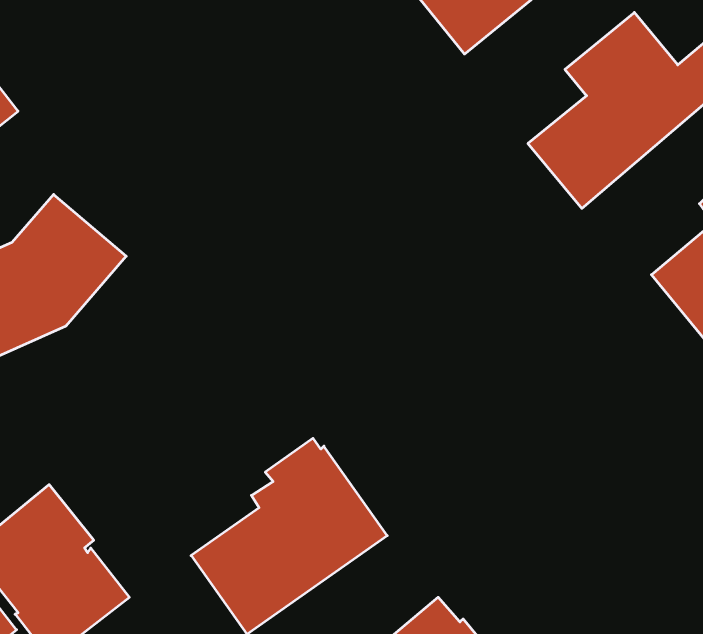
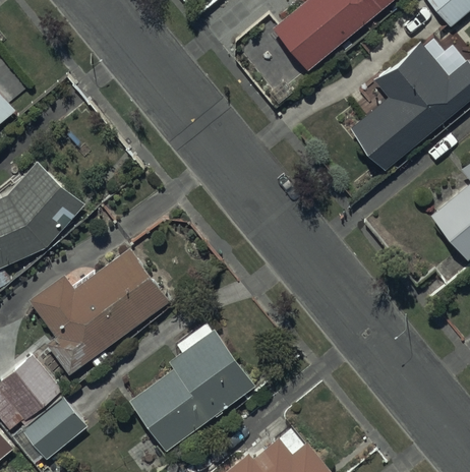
building: none -> [28,249,170,376]

